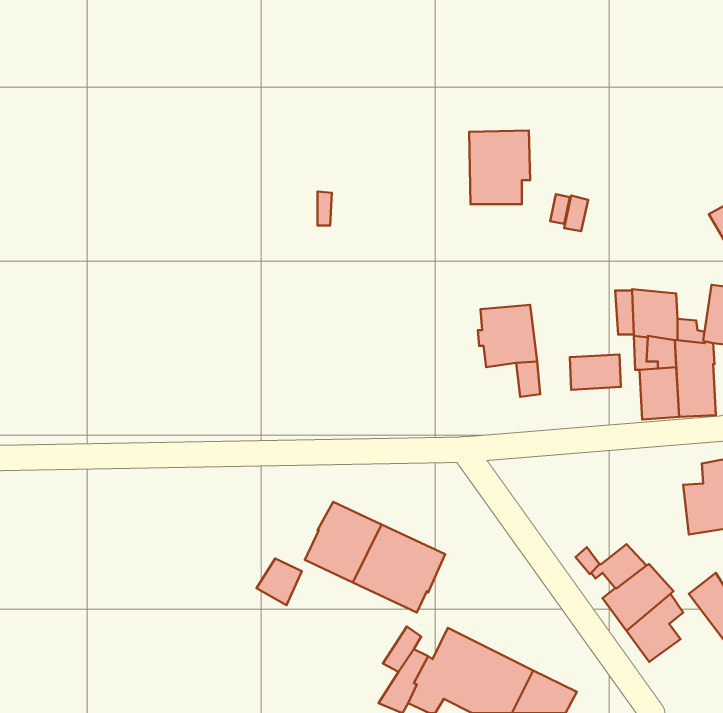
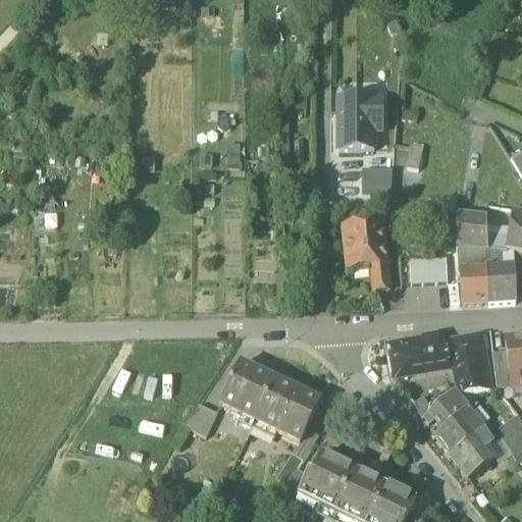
building: none -> [364,166,393,192]
building: none -> [453,328,492,393]
building: none -> [386,329,450,371]

